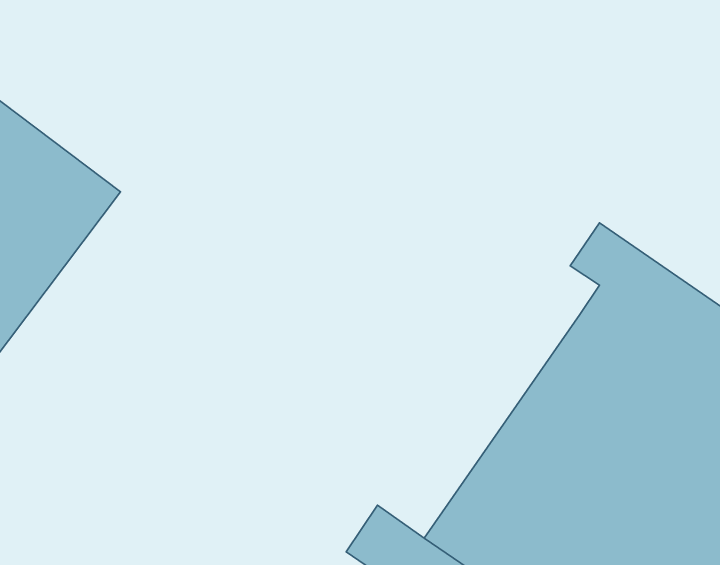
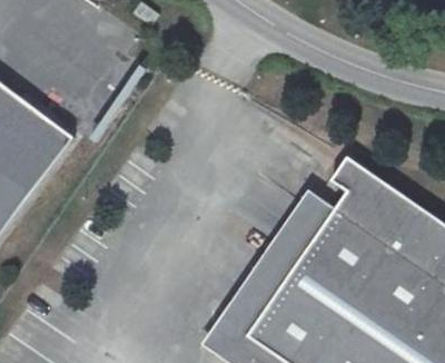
building: none -> [221,189,337,336]

